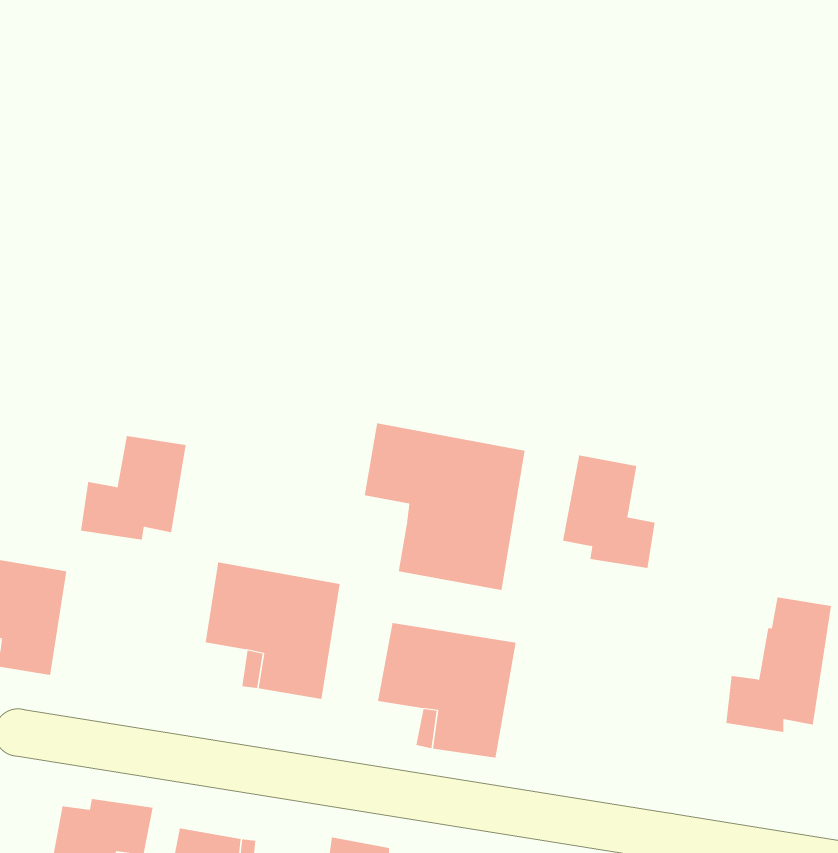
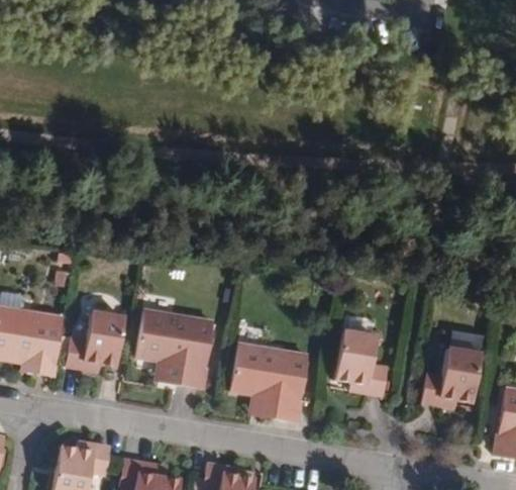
building: [364,423,525,591] -> none
building: [80,436,187,540] -> [64,312,122,370]
building: [562,455,656,568] -> [335,331,387,394]

